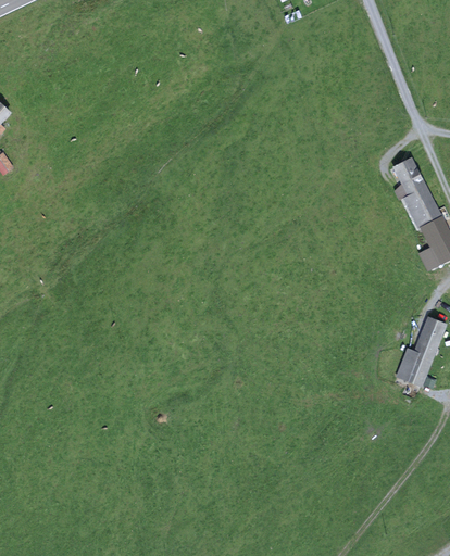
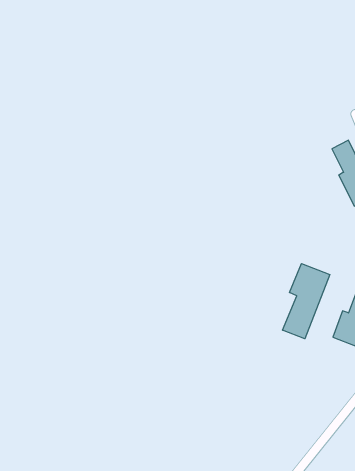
building: none -> [283,264,330,339]

